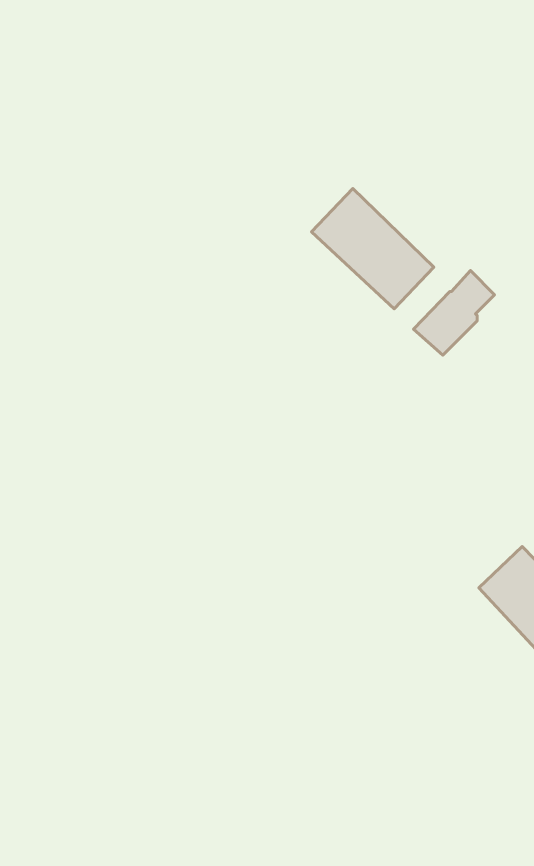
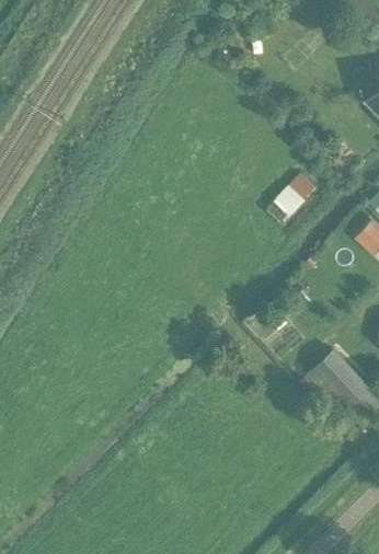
building: [311,188,434,309] -> none

